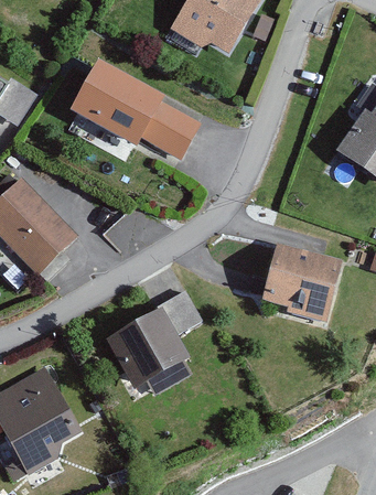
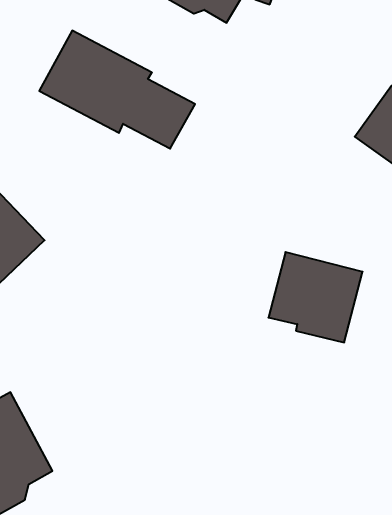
building: [106,292,200,395] -> none

